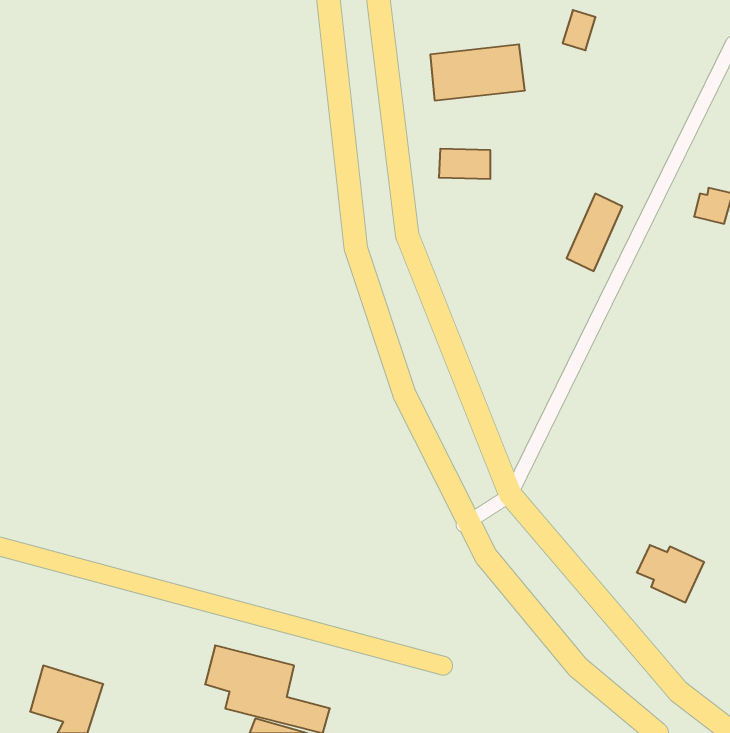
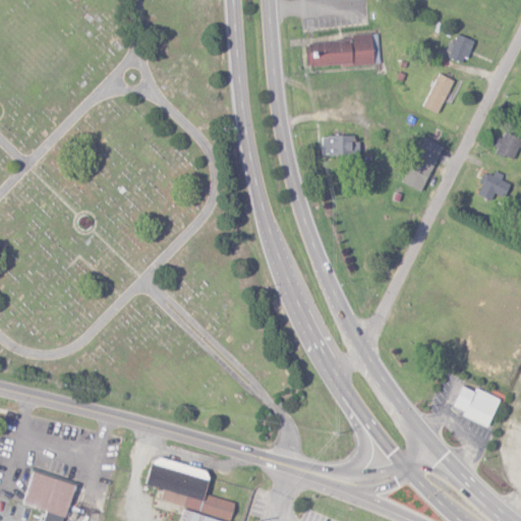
building: [563,10,596,50] -> [450,35,473,63]
building: none -> [425,73,453,113]
building: [439,149,490,179] -> [323,135,359,157]
building: none -> [478,171,511,200]

